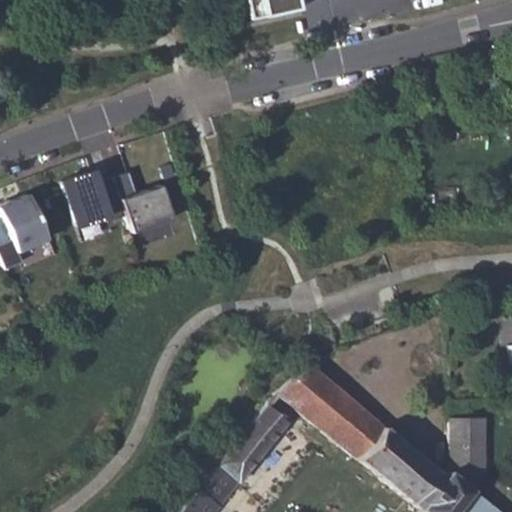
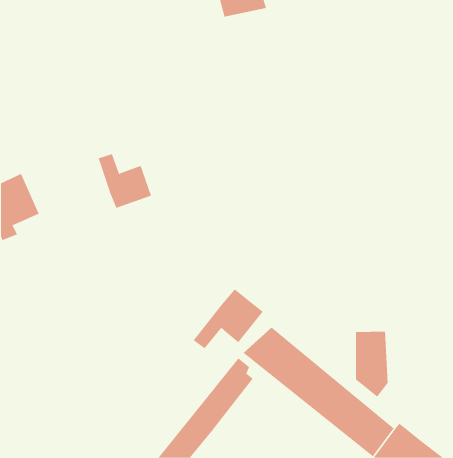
building: [66,170,129,226] -> none
building: none -> [193,289,264,349]
building: [451,417,488,491] -> [355,331,388,398]

